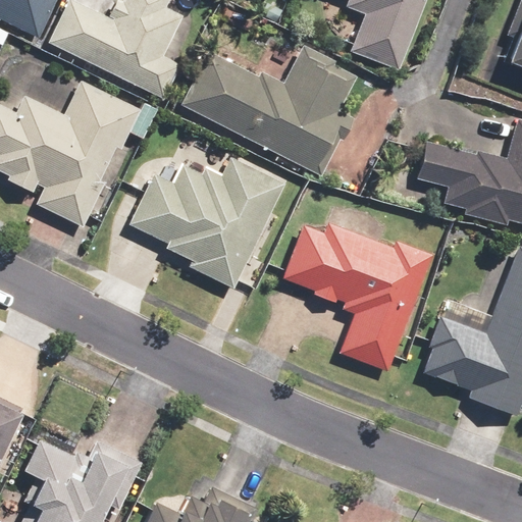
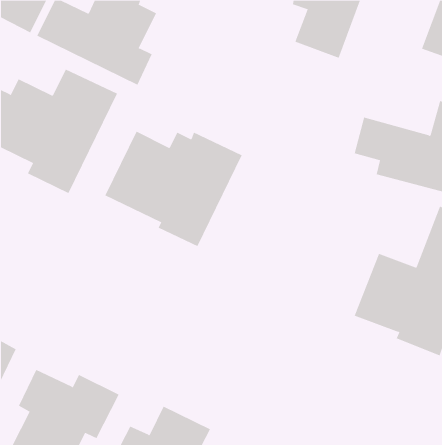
building: [181,42,357,176] -> none
building: [280,220,435,374] -> none

